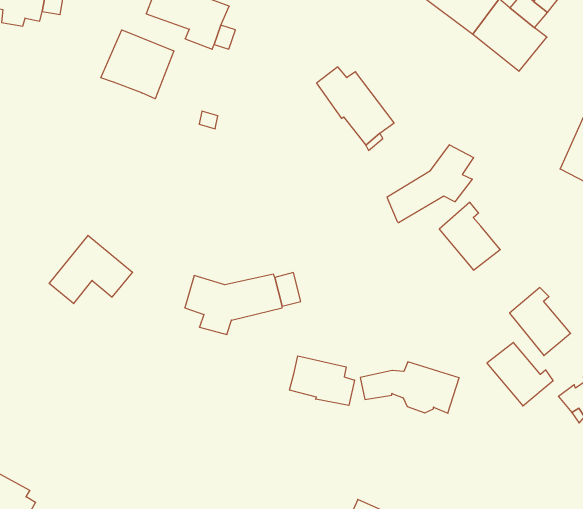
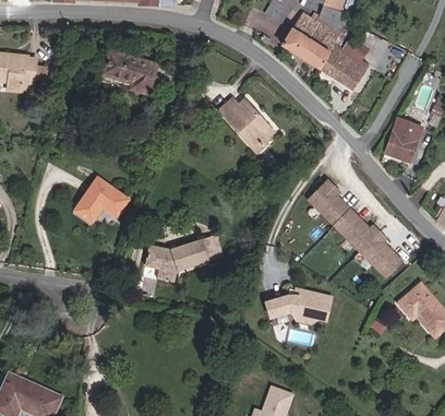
building: [101,30,174,99] -> none
building: [387,145,474,223] -> none
building: [49,235,133,304] -> [74,177,129,223]
building: [487,342,553,406] -> [334,210,378,251]
building: [289,356,355,405] -> none

